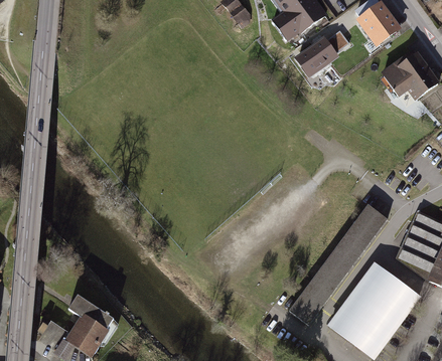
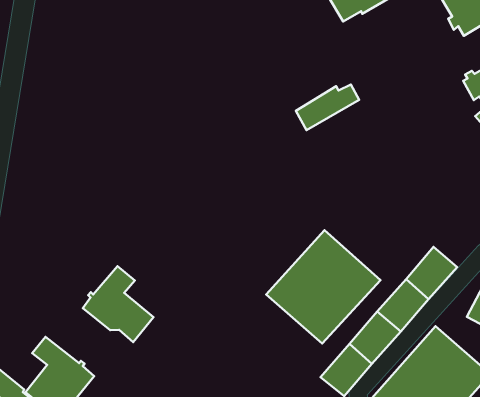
building: [297,33,344,70] -> [296,85,359,130]
building: none -> [266,230,381,344]
building: none -> [83,266,154,342]

